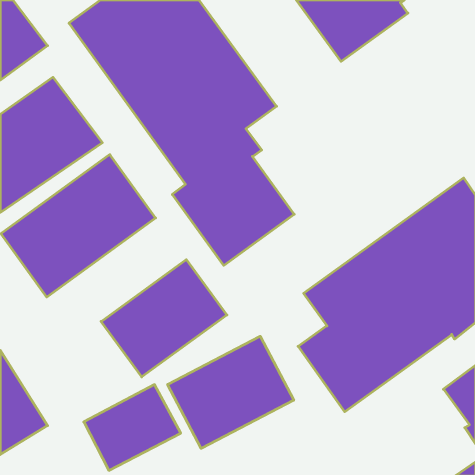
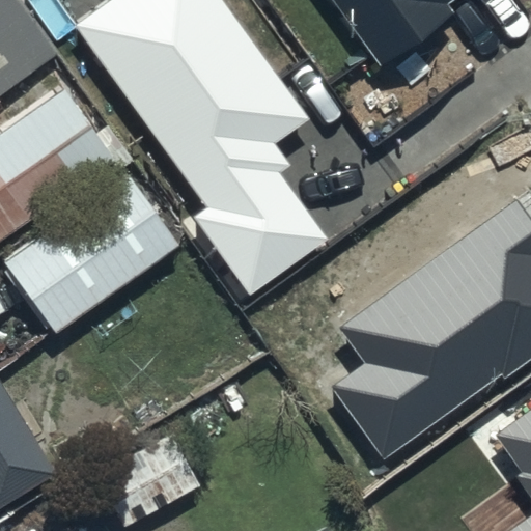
building: [101,260,227,377] -> none
building: [168,336,294,448] -> none

